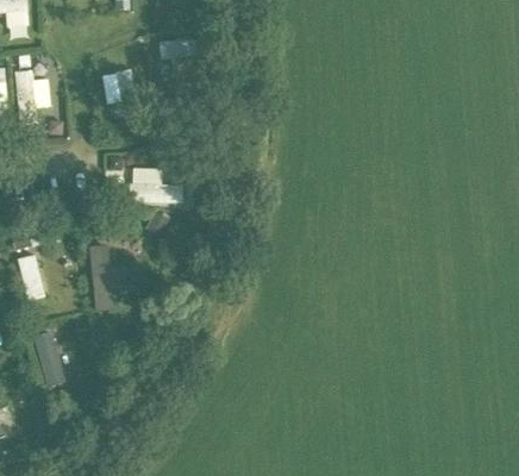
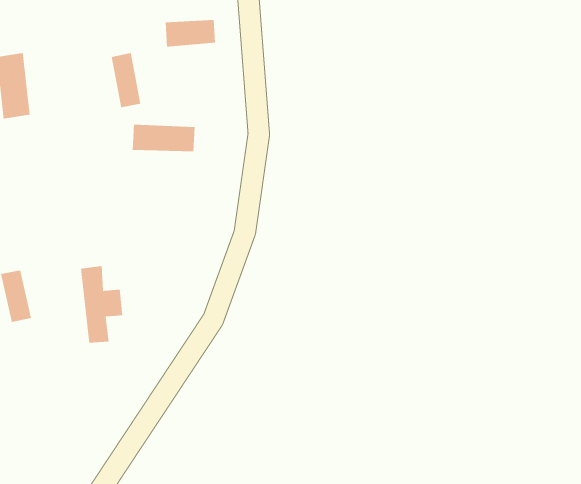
building: [129,176,183,200] -> [132,124,195,152]
building: [35,327,68,386] -> none

